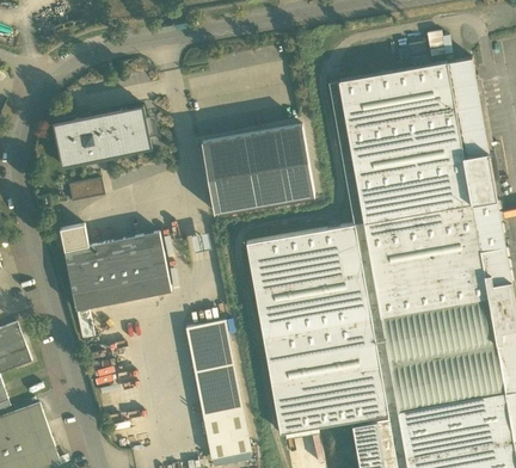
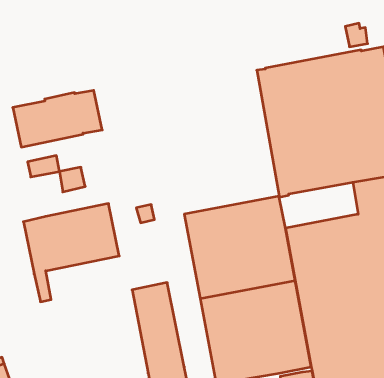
building: [202,124,315,213] -> none
building: [351,208,440,259] -> none
building: [61,224,90,252] -> [60,167,85,192]

